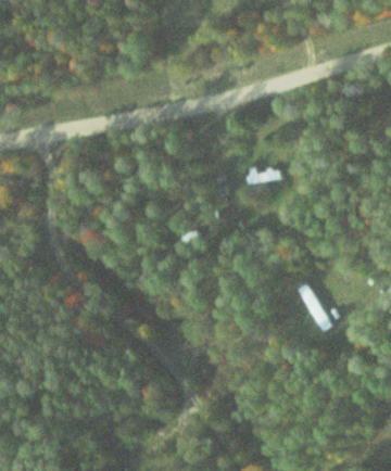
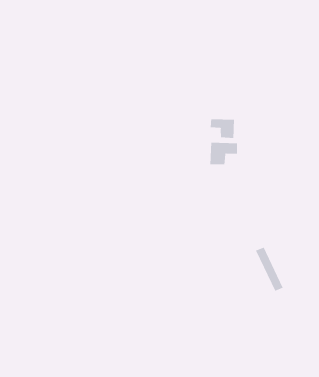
building: none -> [210,118,234,139]

